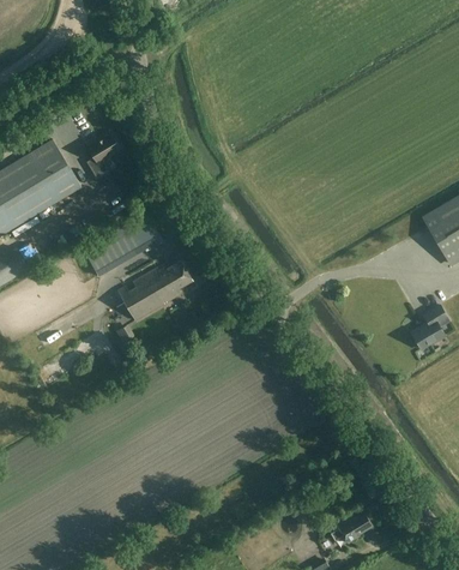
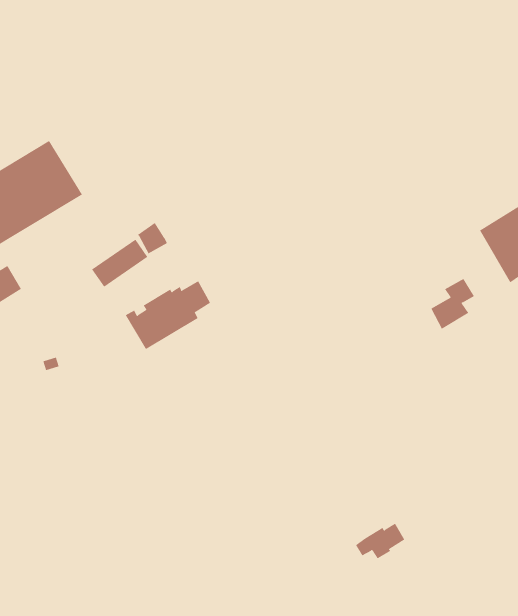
building: [86,133,120,179] -> none
building: [411,306,449,350] -> [430,278,475,329]
building: [328,512,372,544] -> [355,523,405,559]

